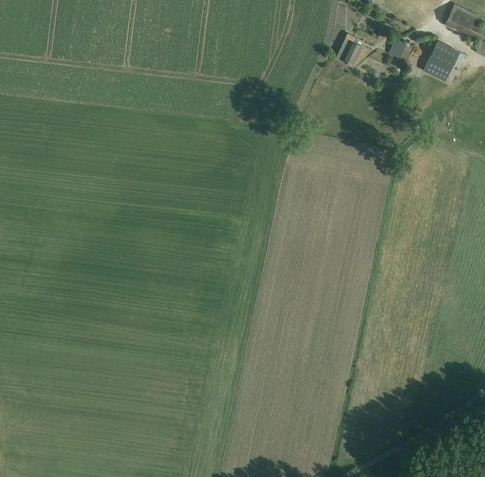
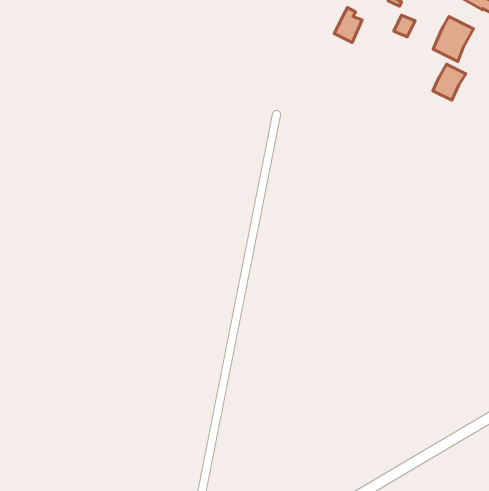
building: none -> [433,64,466,100]

